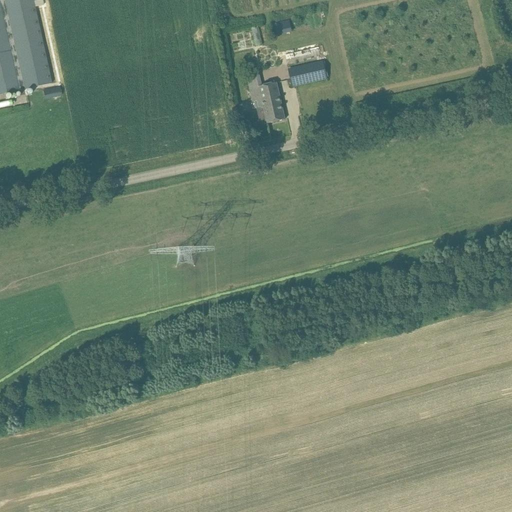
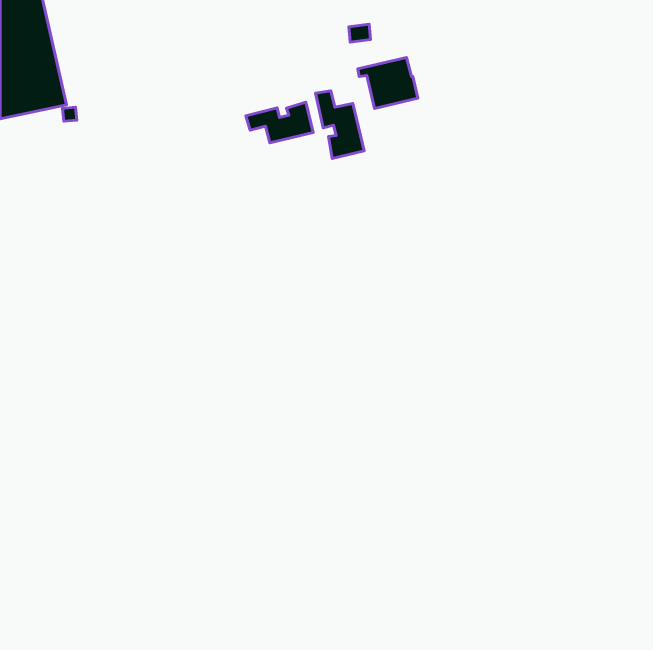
building: none -> [246,102,313,143]

